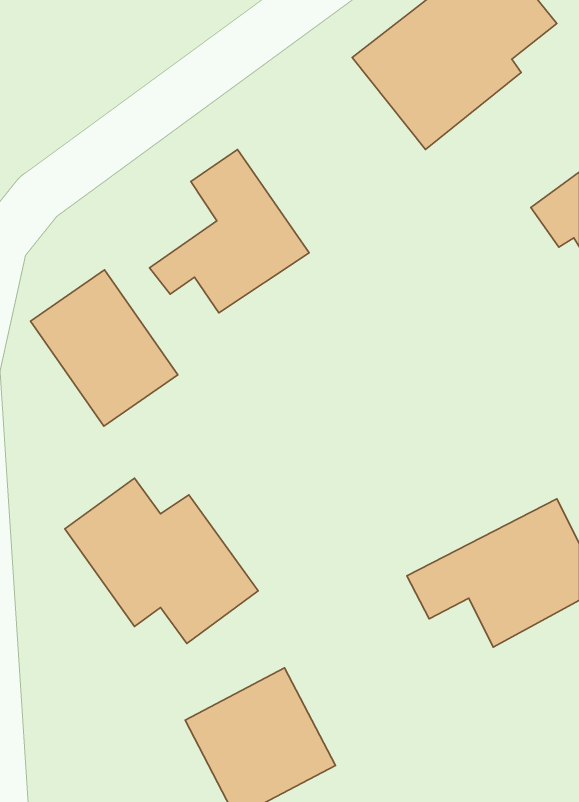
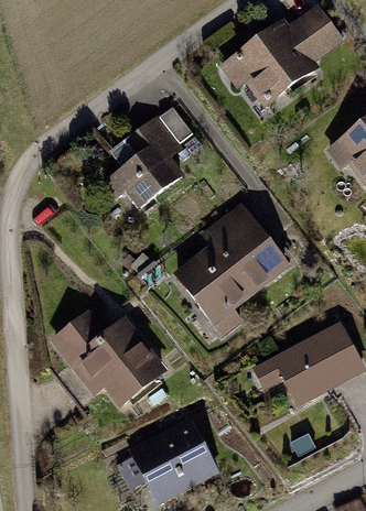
building: [31,270,178,426] -> none
building: none -> [174,198,292,338]

